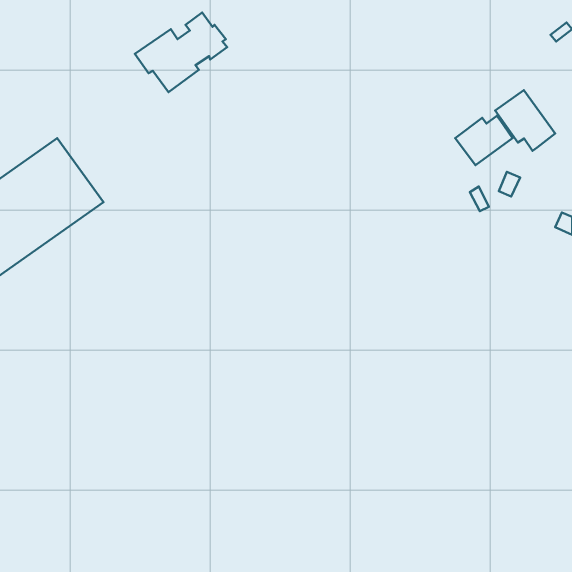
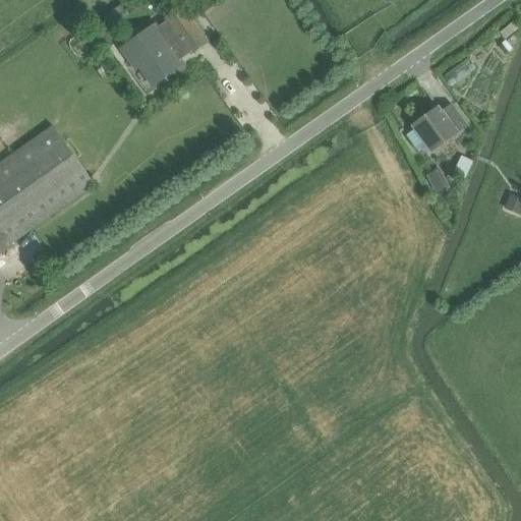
building: [495,90,555,151] -> none

